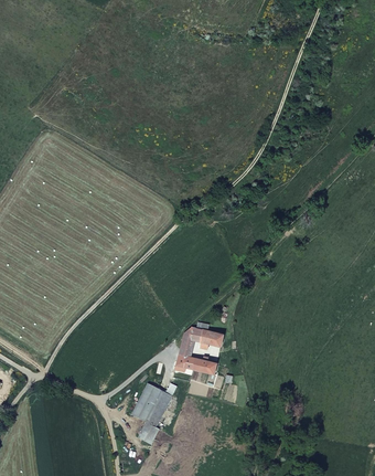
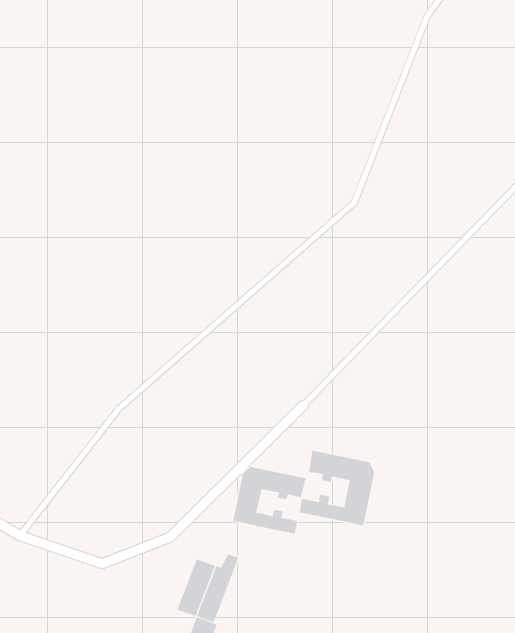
building: none -> [299,450,375,526]

